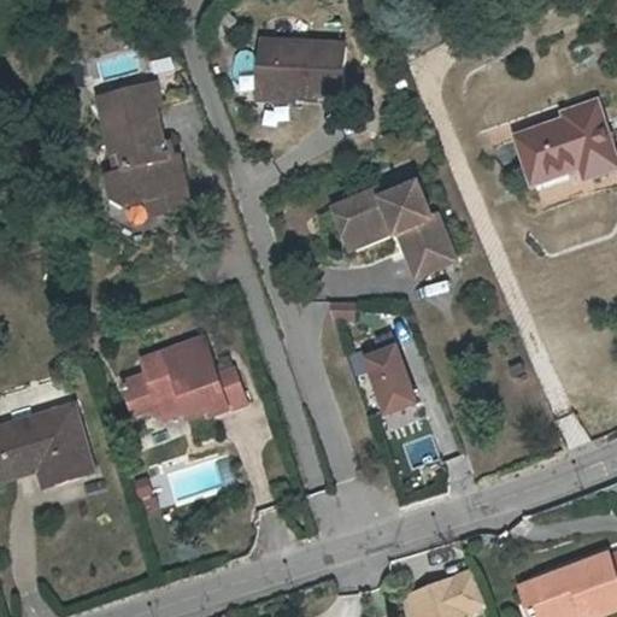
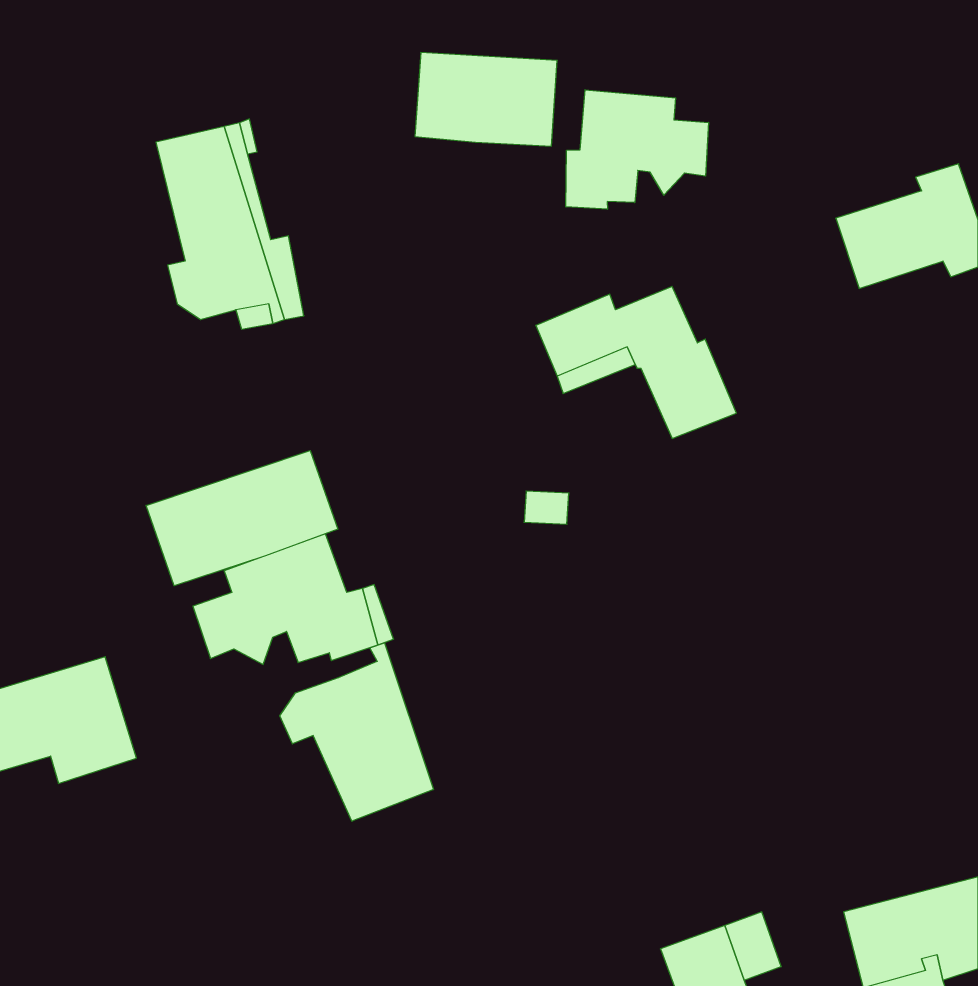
building: none -> [566,90,709,209]
building: none -> [146,451,338,586]
building: [360,346,411,412] -> none
building: none -> [280,643,433,821]

